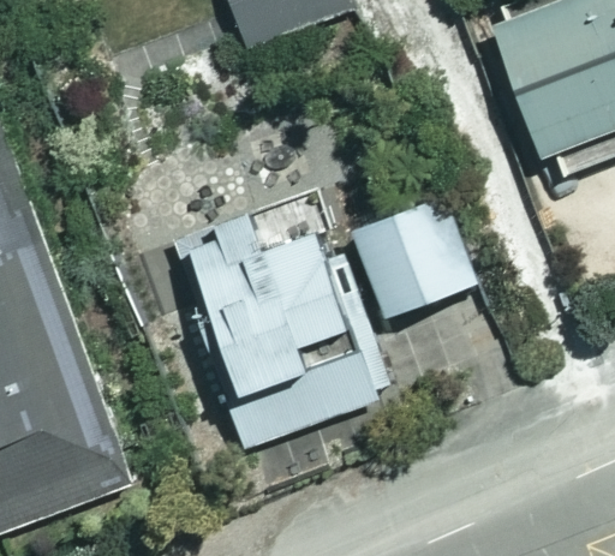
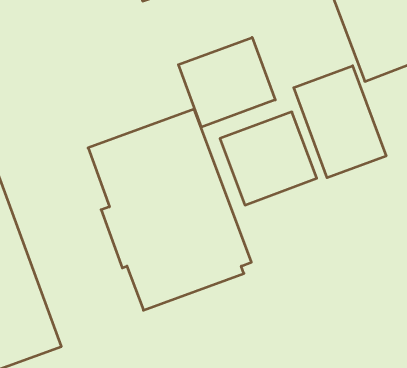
building: none -> [178,37,275,127]
building: none -> [294,66,386,178]

